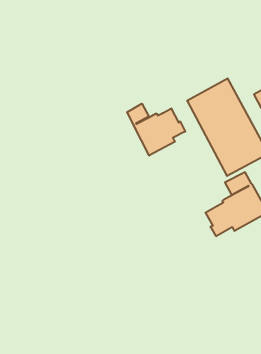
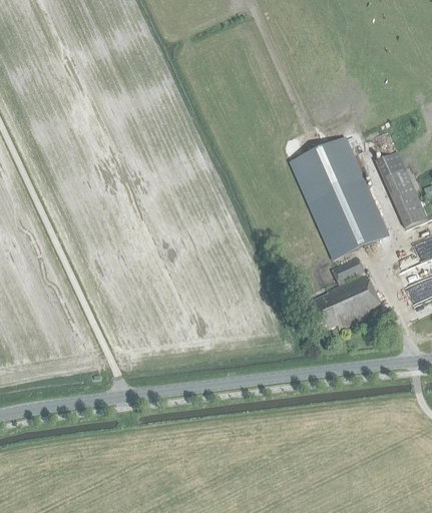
building: [127,104,185,156] -> none

